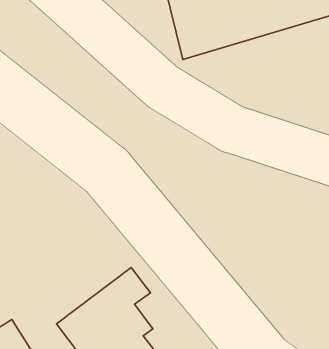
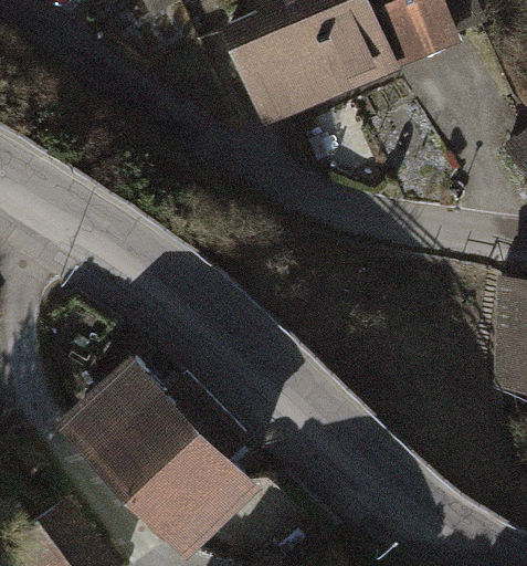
building: none -> [61,359,223,503]

